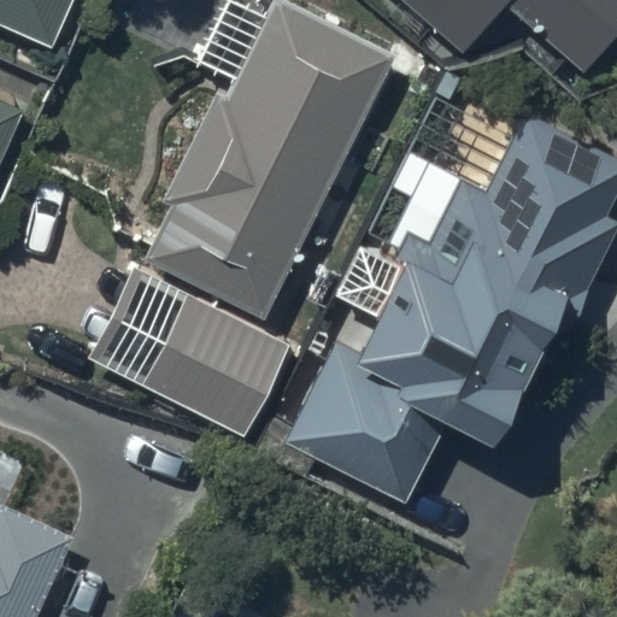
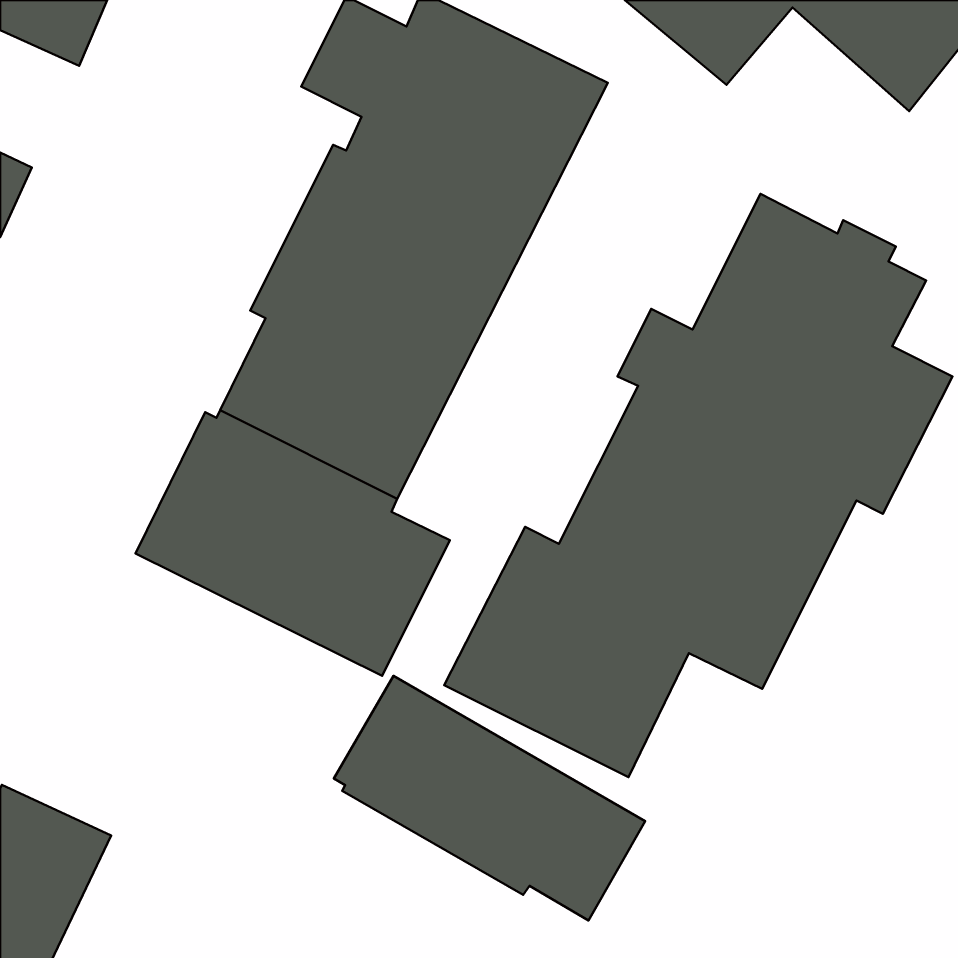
building: none -> [334,676,645,921]

